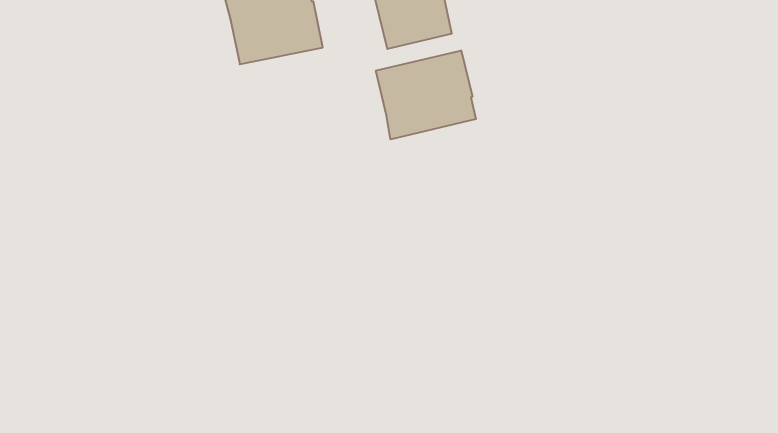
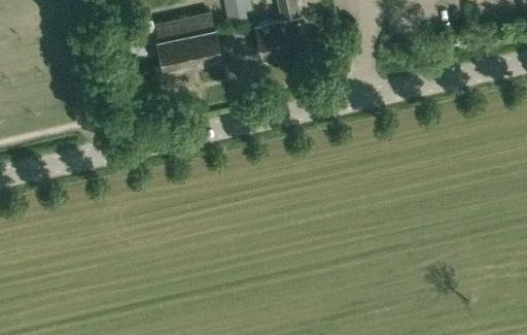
building: [376,50,476,139] -> none

